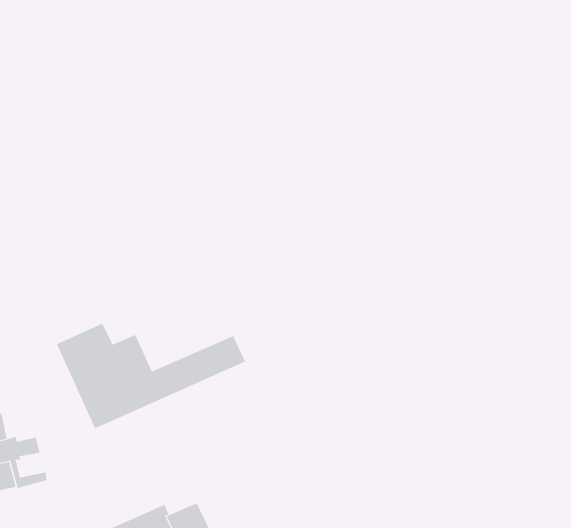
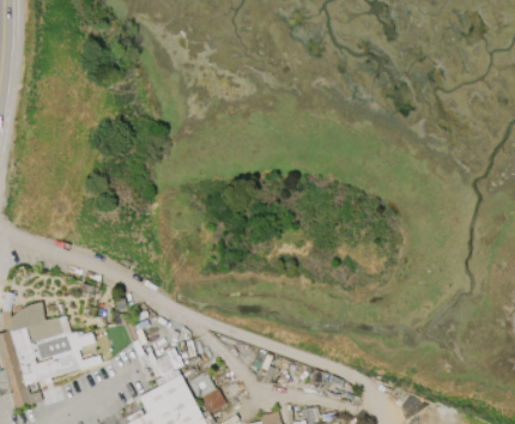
building: [56,323,246,429] -> none

